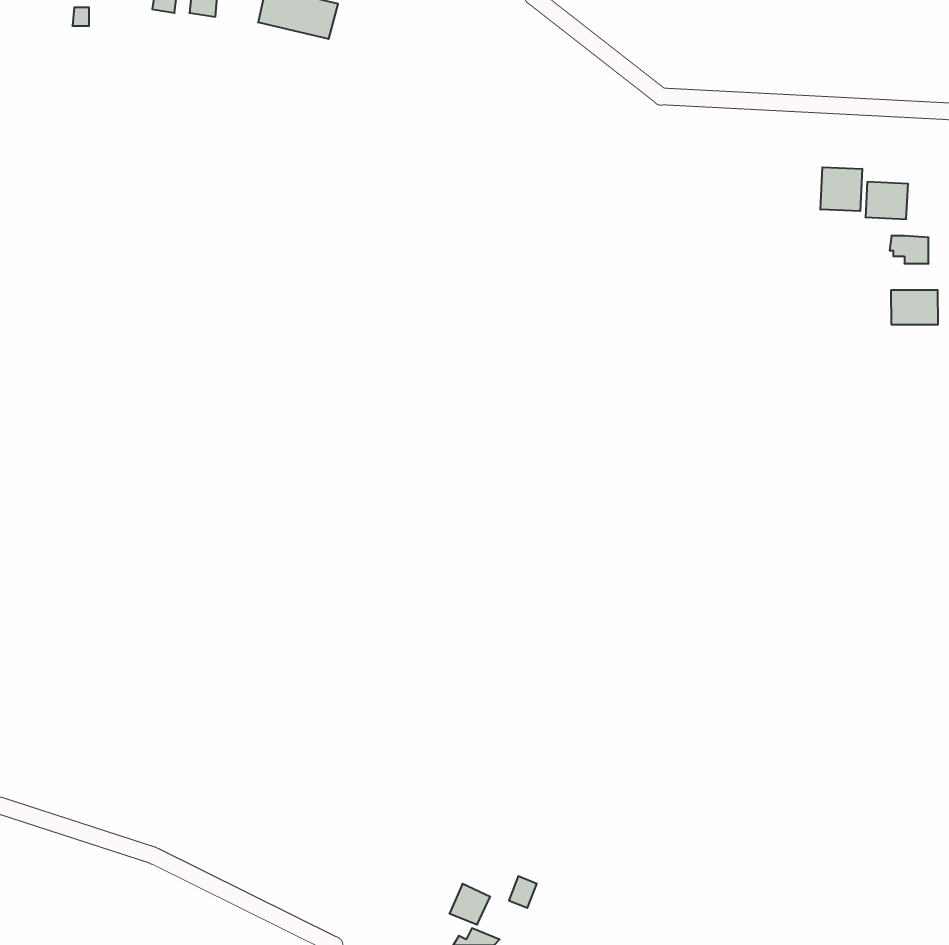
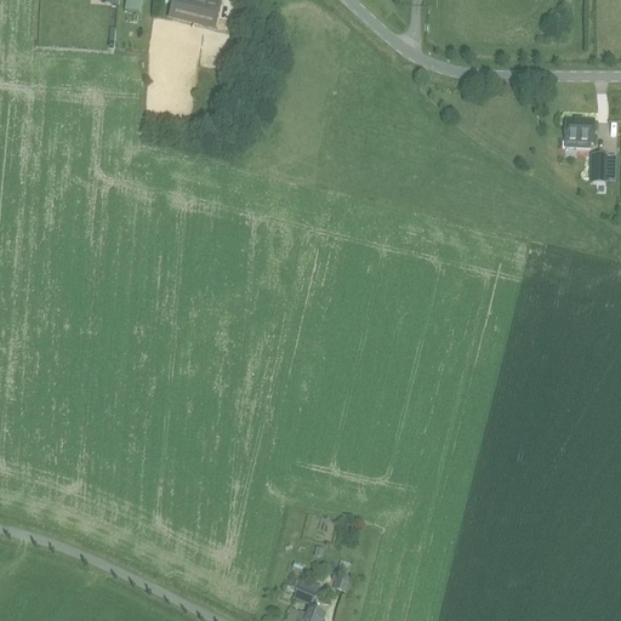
building: [821,167,862,211] -> none
building: [891,290,938,325] -> none

